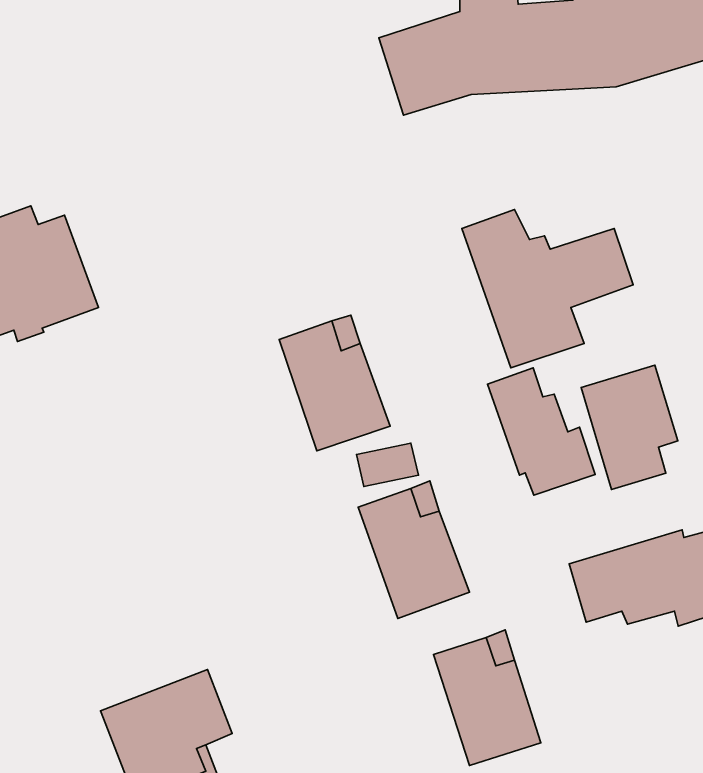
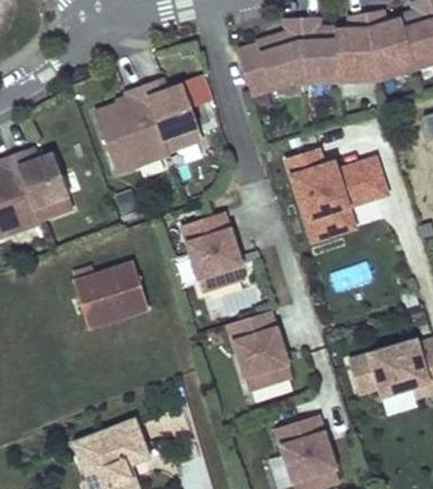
building: none -> [94,78,202,172]
building: [581,365,678,489] -> none
building: [488,368,595,495] -> none
building: none -> [73,261,152,329]

